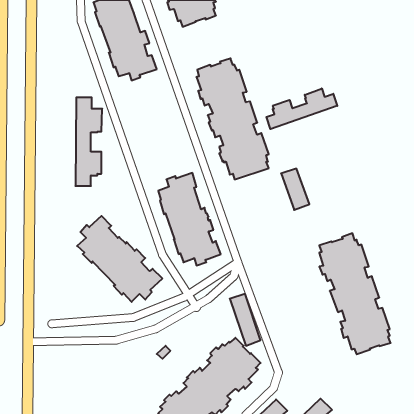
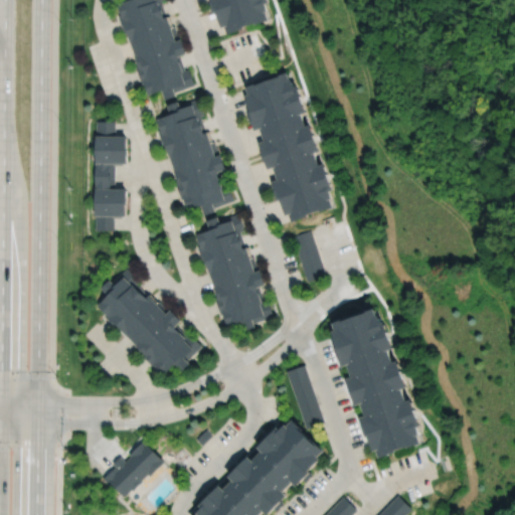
building: none -> [155,99,232,217]
building: [266,88,337,129] -> none
building: [281,169,309,210] -> [290,230,325,282]
building: [319,233,391,354] -> [332,308,420,458]
building: none -> [103,441,164,498]

